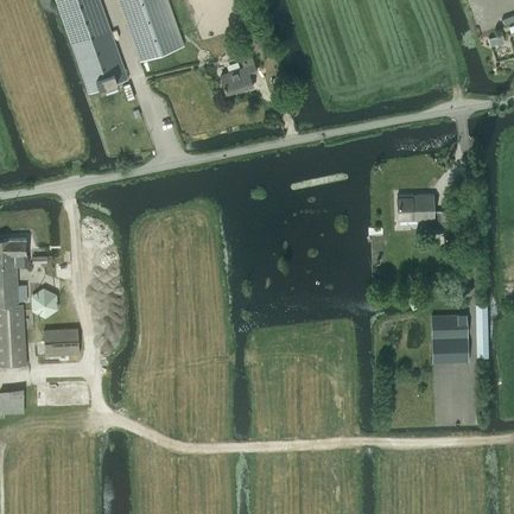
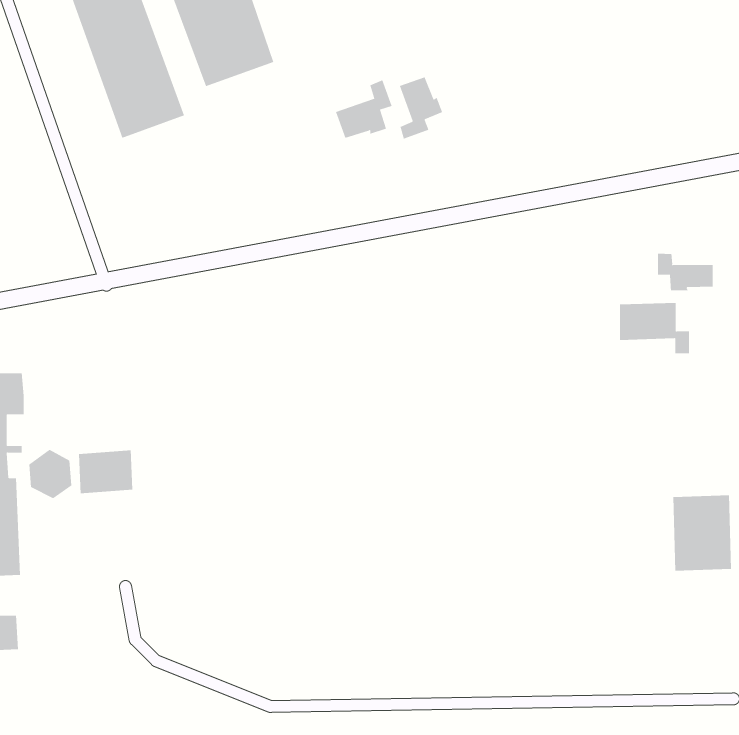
building: none -> [399,77,443,139]
building: none -> [657,253,713,291]
building: [44,328,78,355] -> [78,450,133,494]

